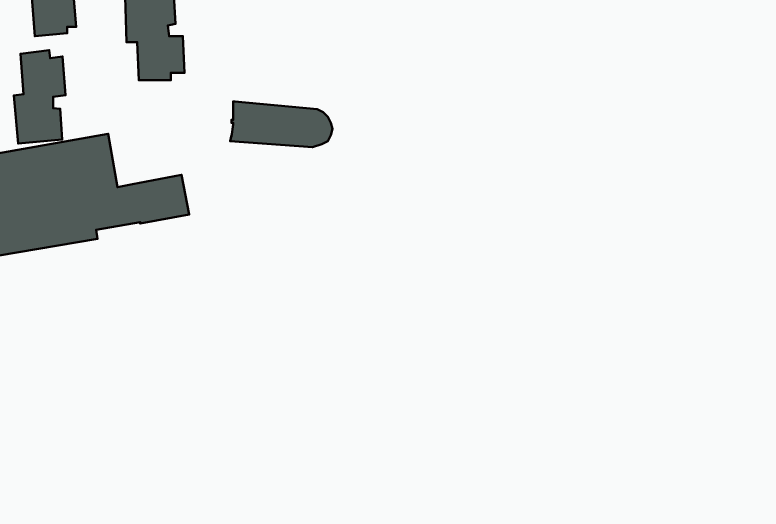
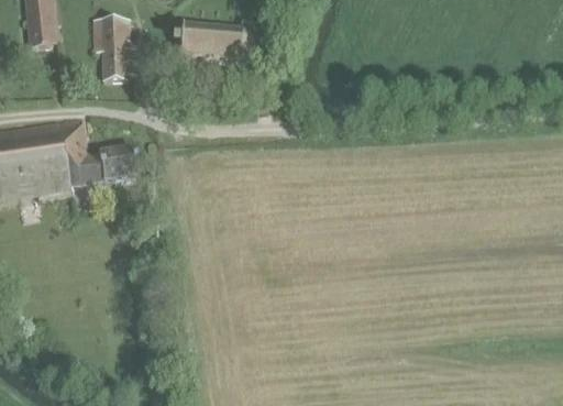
building: [14,50,66,144] -> none
building: [230,102,332,147] -> [178,24,252,57]

